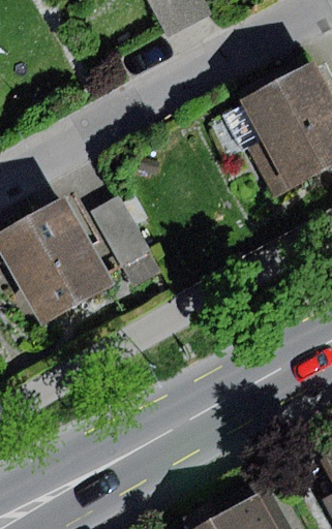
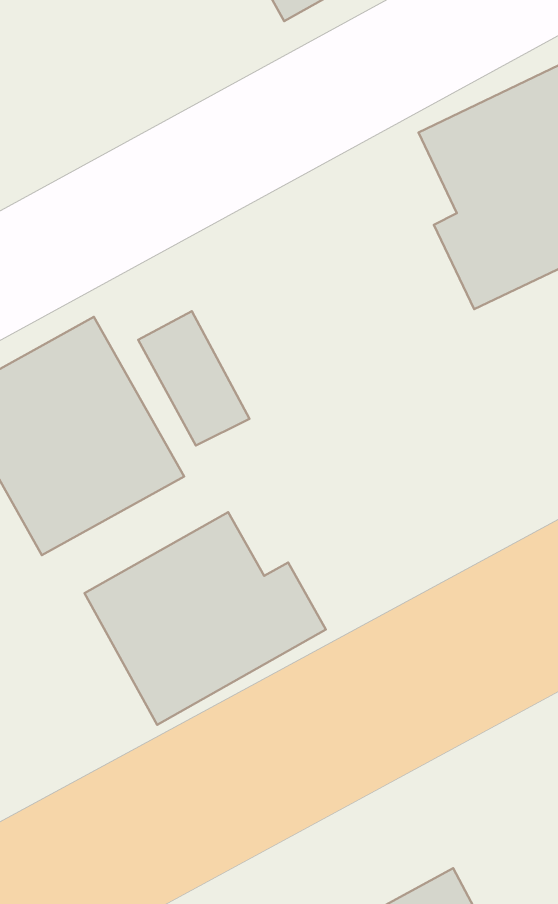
building: none -> [85,512,326,725]

